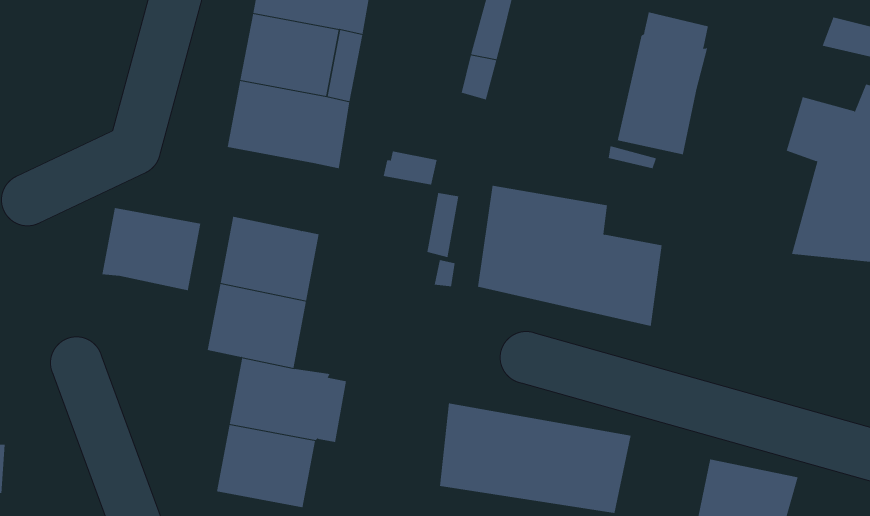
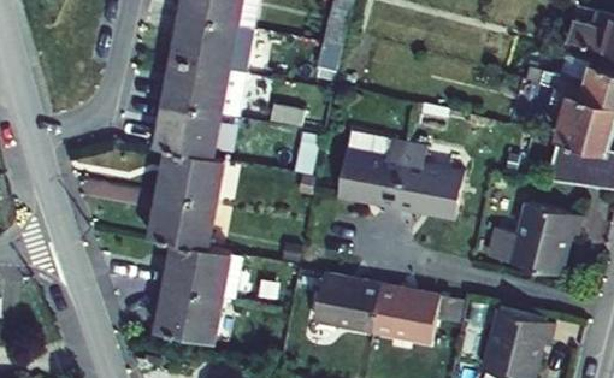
building: [617,12,709,155] -> none
building: [101,207,201,291] -> [155,104,222,159]
building: none -> [476,194,574,266]

